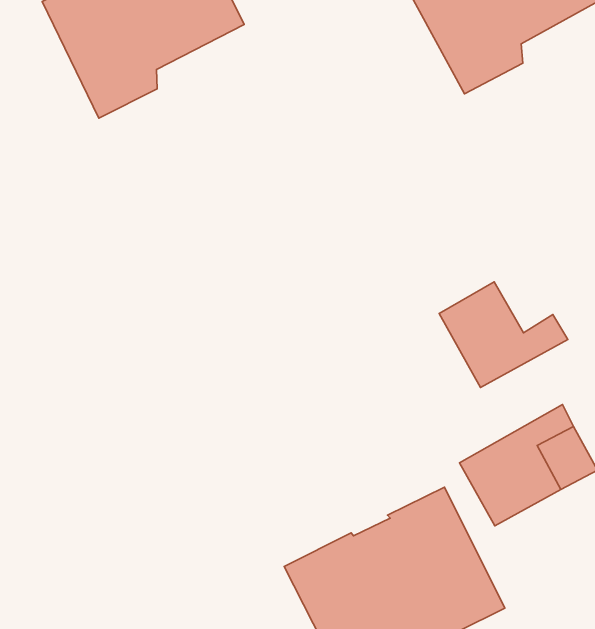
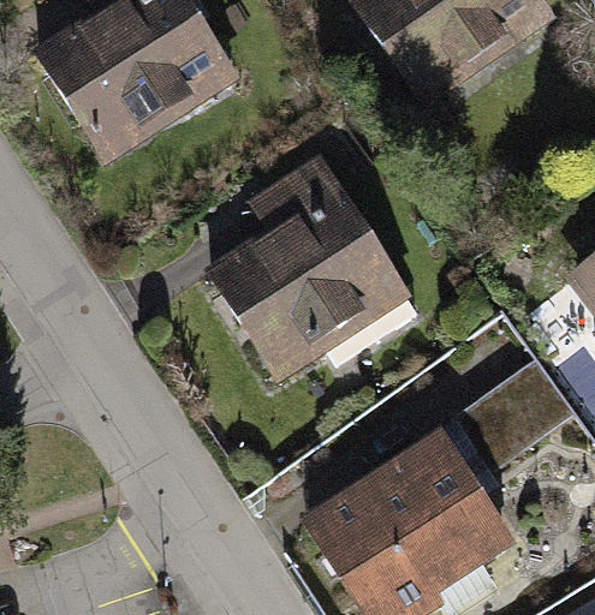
building: none -> [213,162,417,370]
building: [439,282,568,388] -> none

